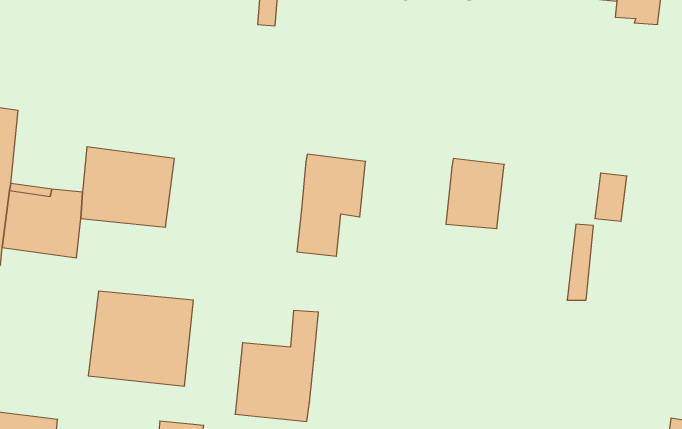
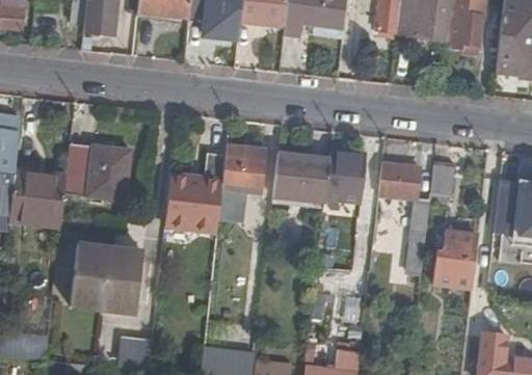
building: none -> [273,152,329,202]
building: none -> [378,160,421,196]
building: none -> [435,229,479,279]
building: [235,311,318,421] -> [166,151,225,230]

